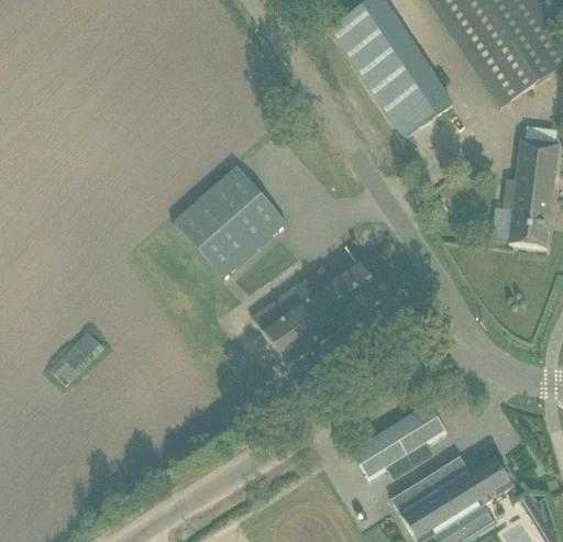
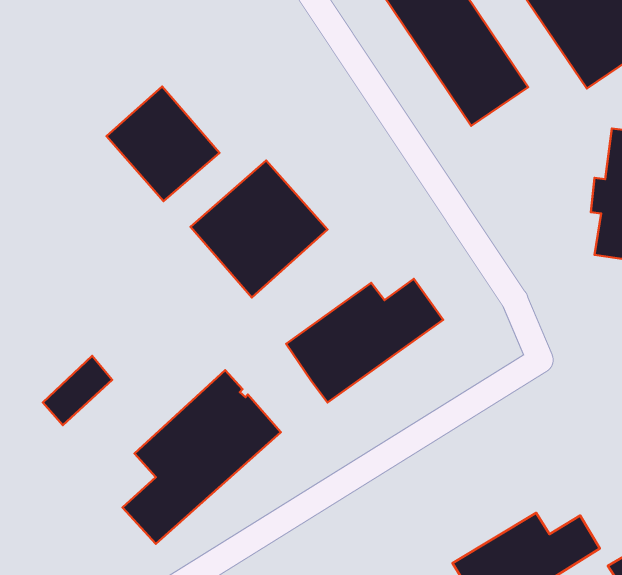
building: none -> [106,87,219,201]
building: none -> [122,370,281,544]
building: [350,405,445,482] -> none

